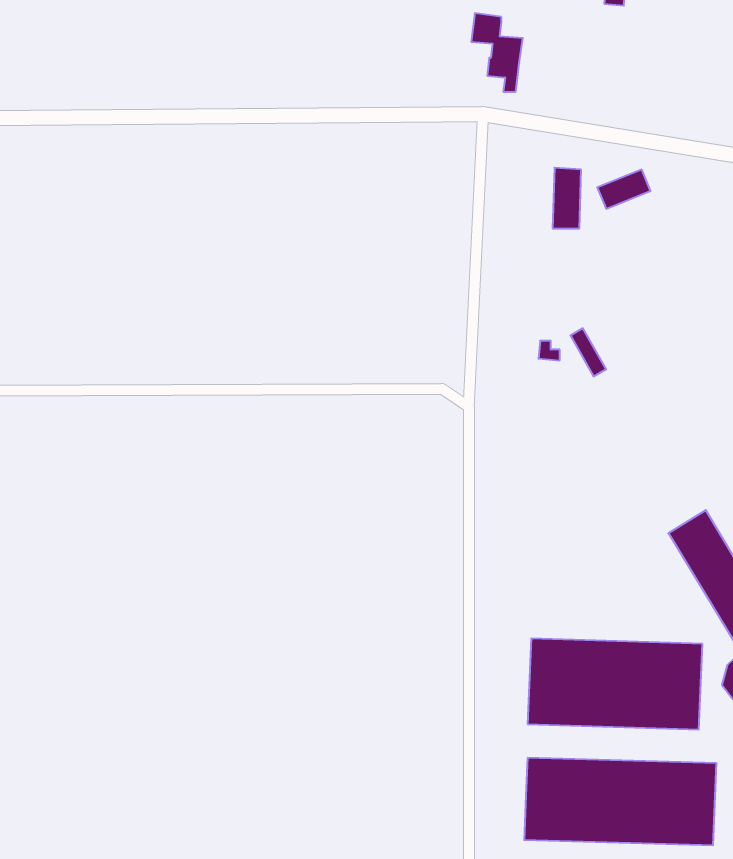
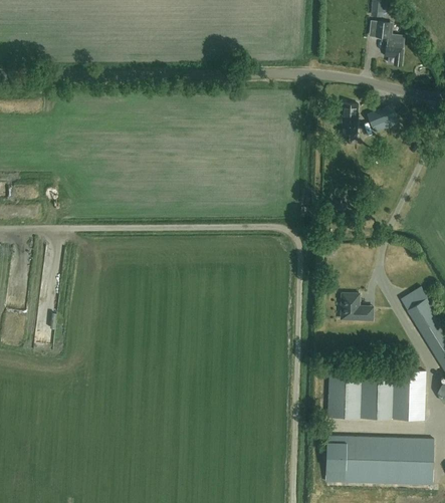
building: [471,13,523,92] -> [375,21,404,65]
building: none -> [341,293,372,320]

